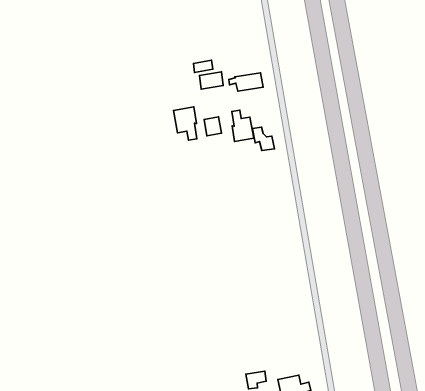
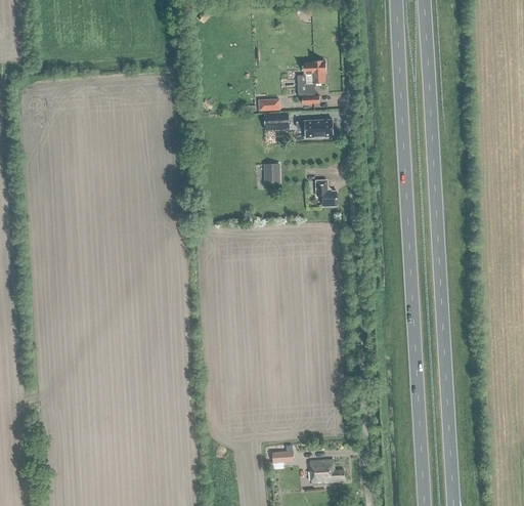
building: none -> [300,59,323,103]
building: [174,107,197,140] -> none
building: [232,110,254,142] -> none

